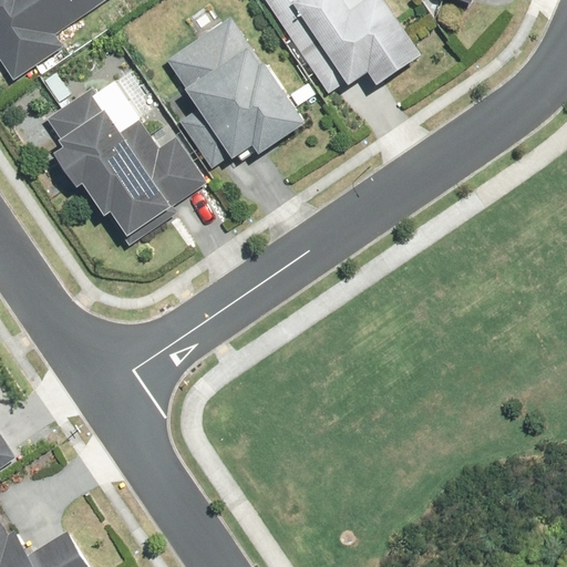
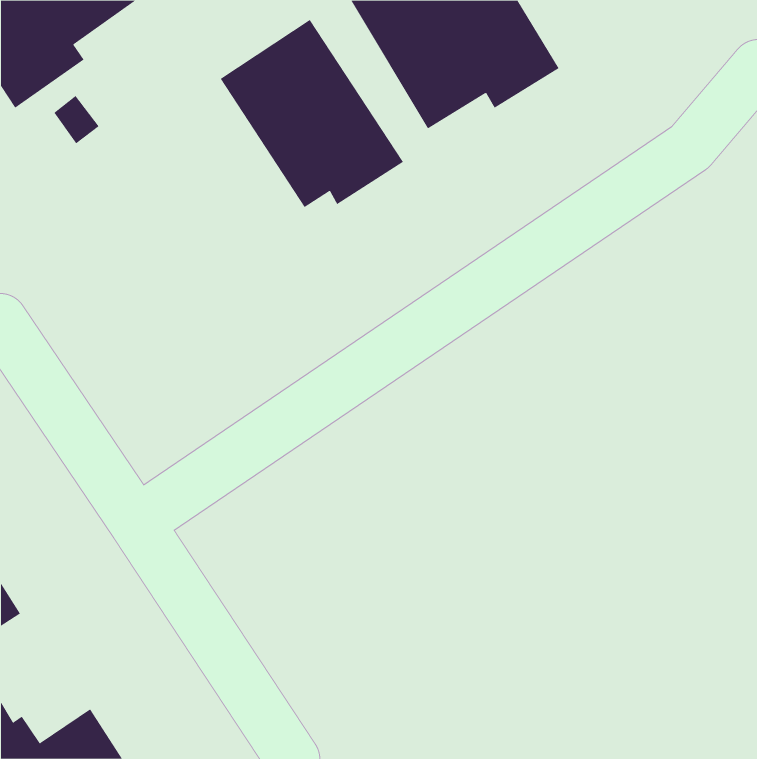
building: [47,84,206,246] -> none

